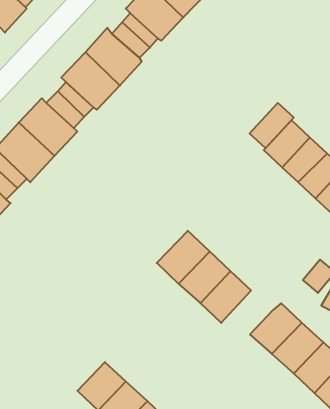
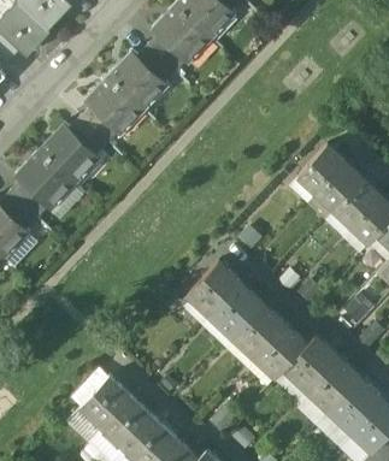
building: [250,103,294,148] -> none
building: none -> [252,324,306,378]
building: none -> [79,379,130,429]

